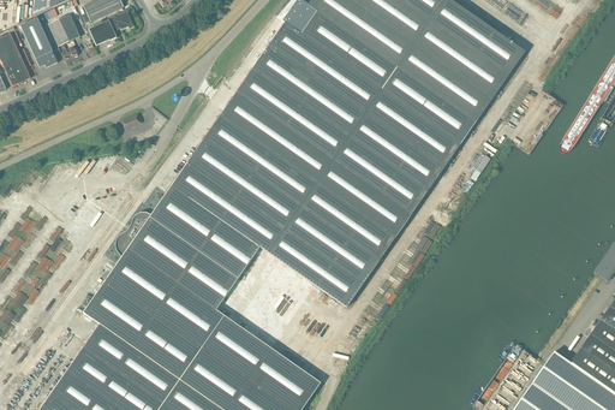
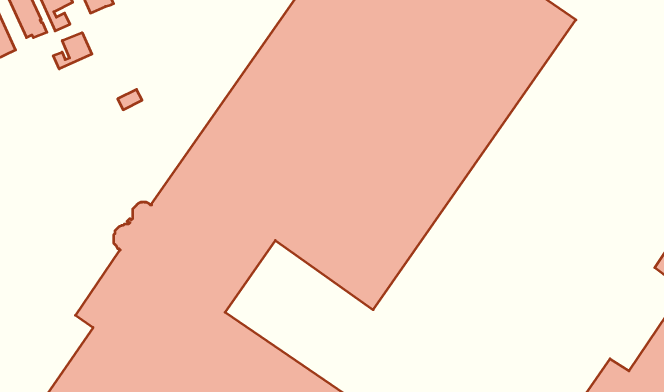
building: none -> [53,33,92,69]

